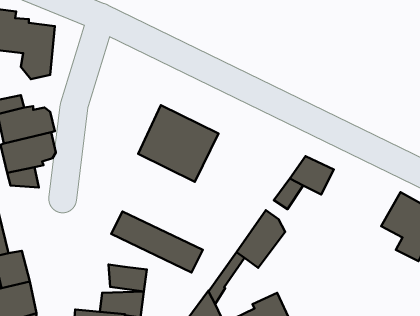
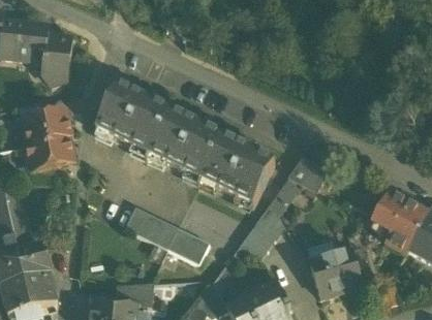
building: none -> [94,84,169,154]
building: none -> [200,135,273,204]
building: none -> [310,249,361,296]
building: [108,265,147,292] -> none

